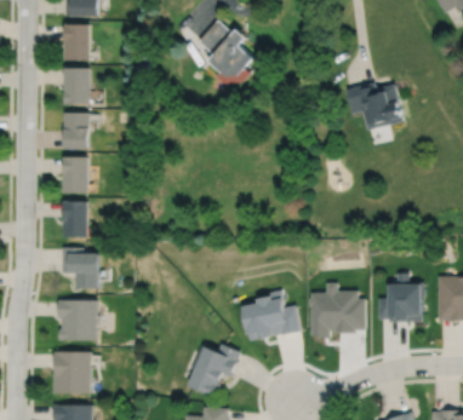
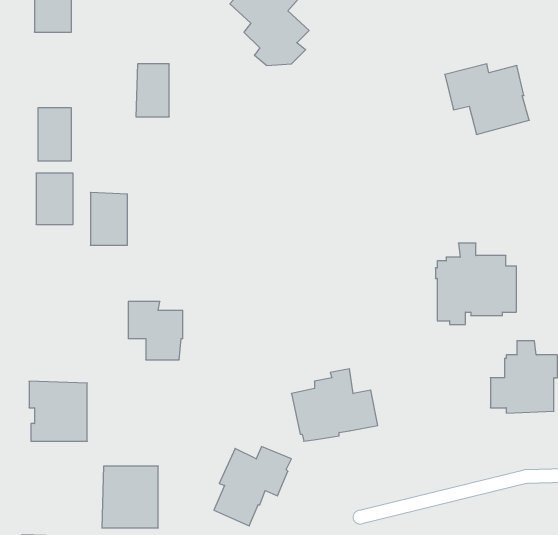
building: [64,68,87,104] -> [136,64,169,117]
building: [63,201,88,237] -> [90,192,127,245]
building: [63,248,101,288] -> [128,302,183,360]
building: [307,282,362,338] -> [435,243,516,324]
building: [53,352,92,395] -> [102,466,158,528]

